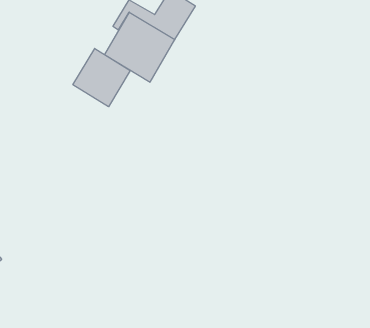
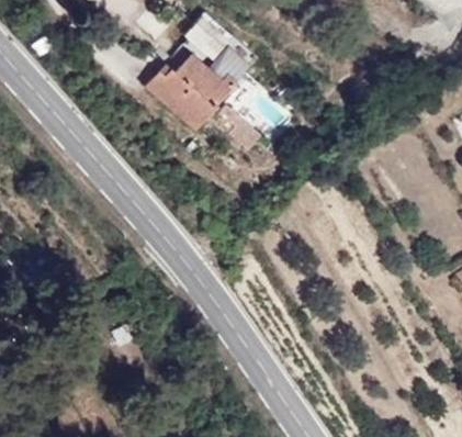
building: [73,48,130,107] -> none

